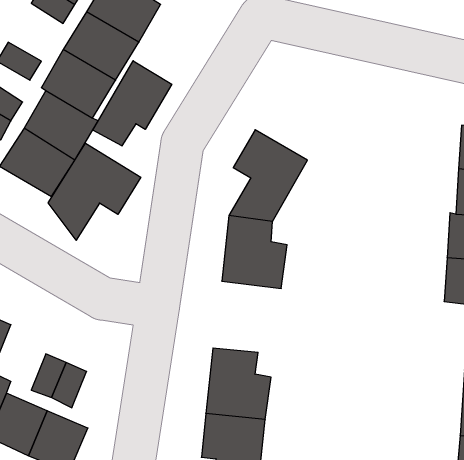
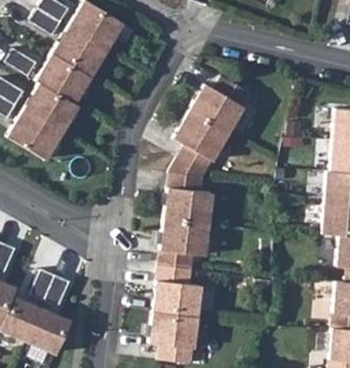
building: [93,61,172,146] -> none
building: none -> [190,76,250,133]
building: [48,143,141,240] -> none
building: none -> [160,218,208,268]

